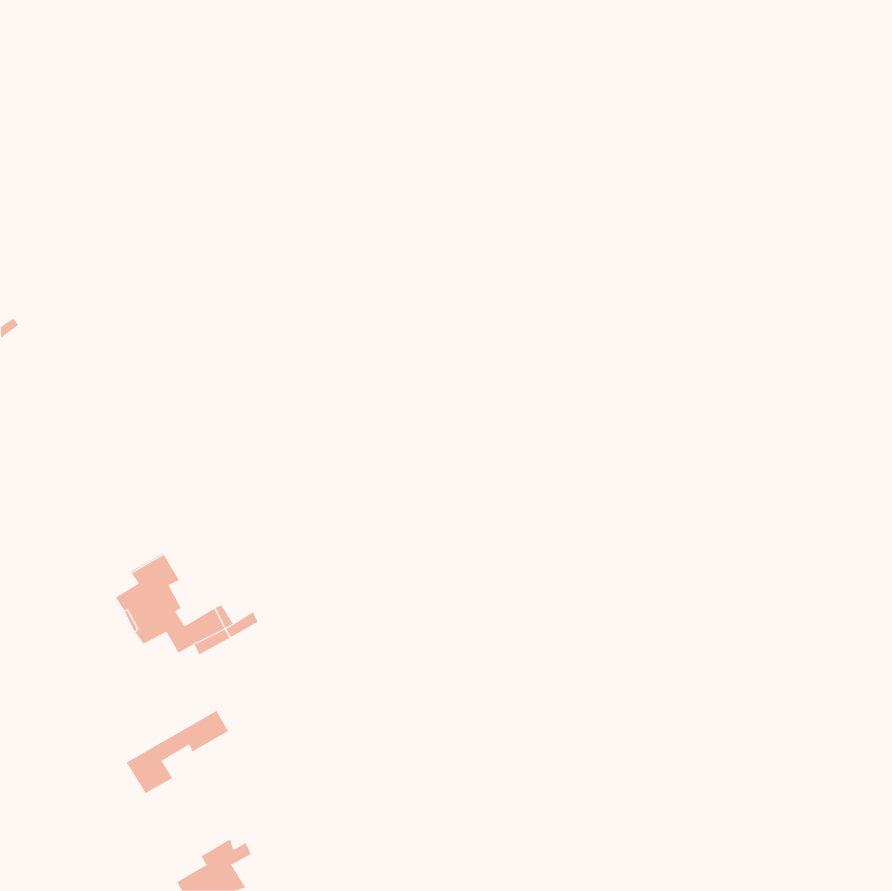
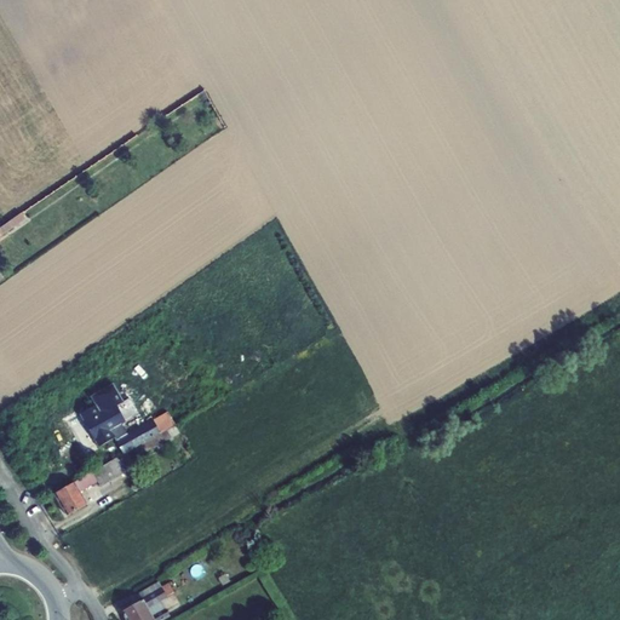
building: [126,710,229,794] -> [54,457,126,515]

